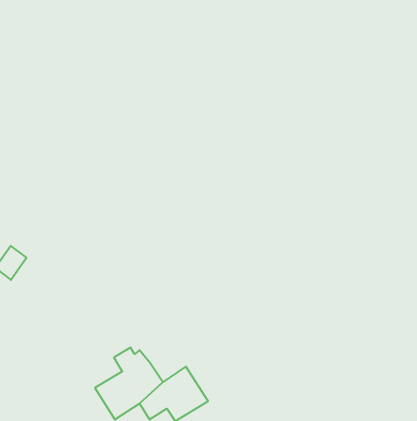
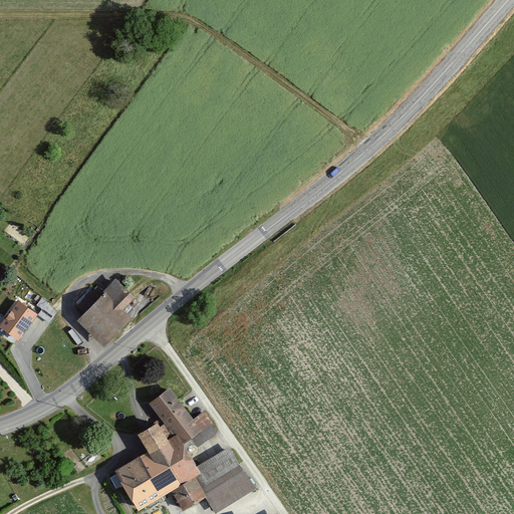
building: none -> [77,281,134,345]
building: none -> [152,389,215,443]

